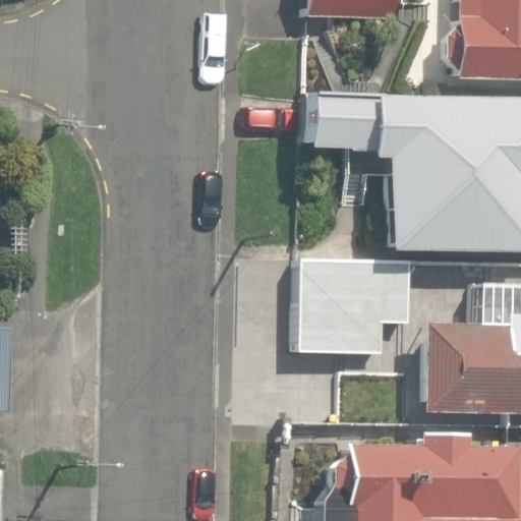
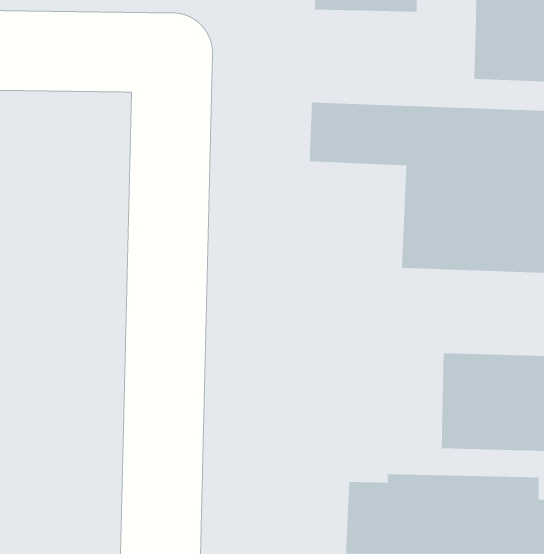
building: [295,257,421,356] -> none

